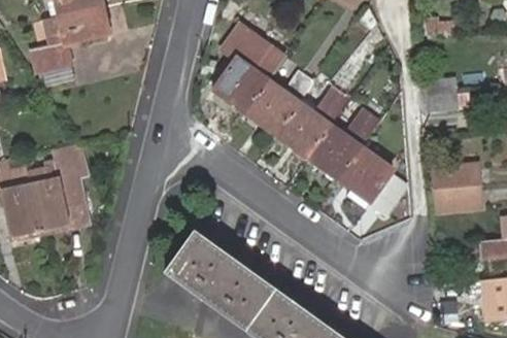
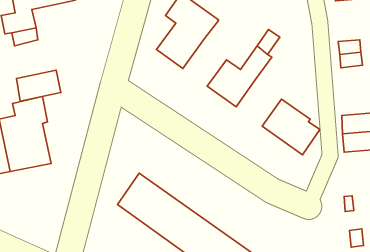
building: [244,73,308,132] -> none
building: [307,108,379,179] -> none
building: none -> [16,70,61,101]

